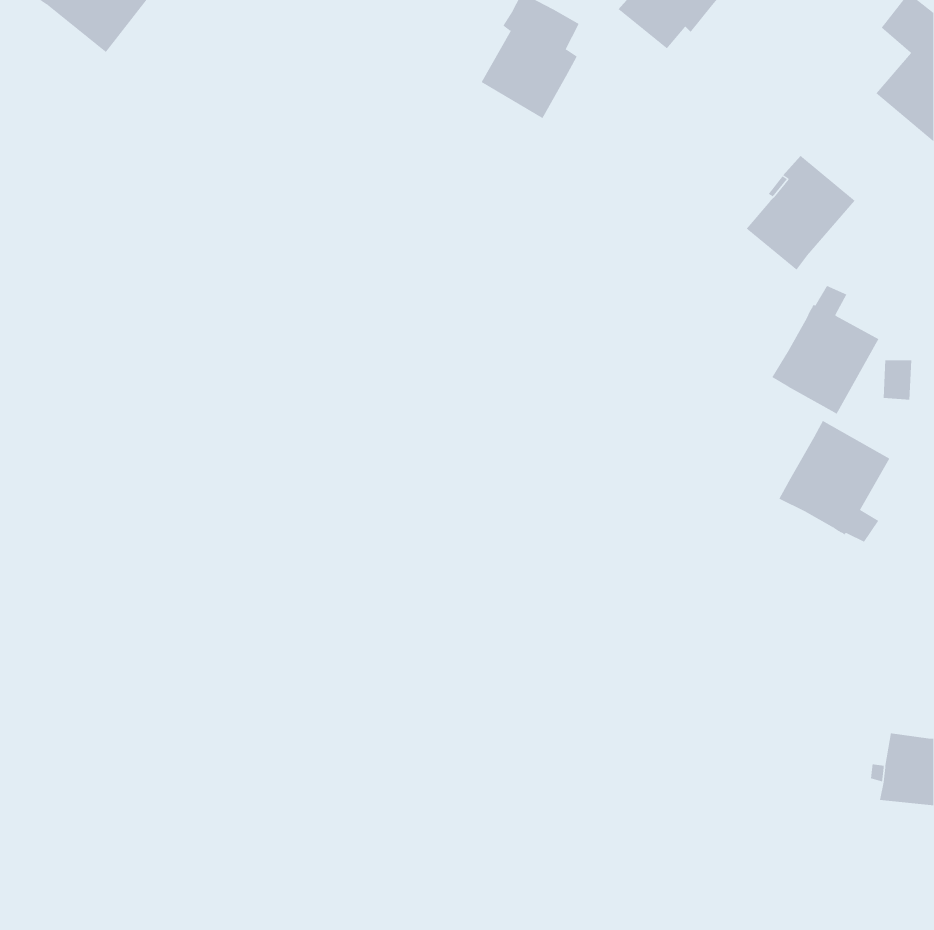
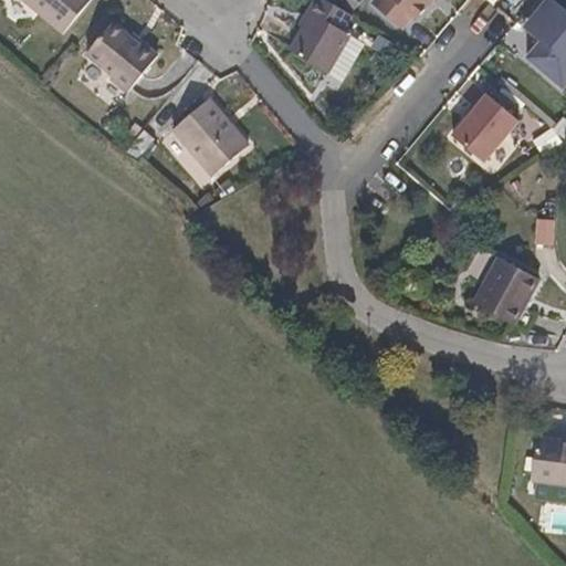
building: none -> [90,21,159,91]
building: none -> [170,101,248,177]
building: [771,285,879,415] -> none

